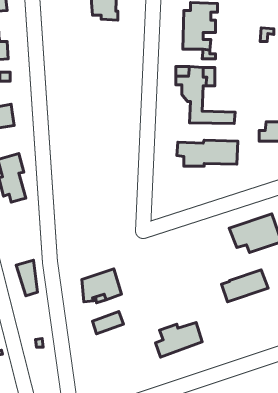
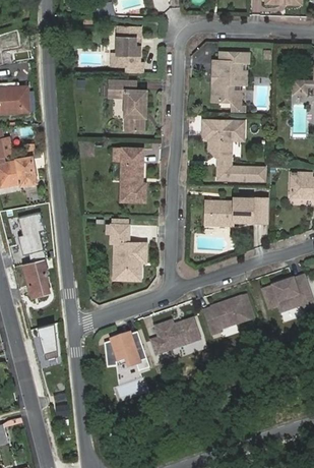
building: none -> [108,79,146,130]
building: none -> [119,149,145,201]
building: none -> [109,224,145,279]
building: none -> [23,258,48,295]
building: [222,270,268,302] -> [203,294,252,328]
building: [156,322,202,357] -> [149,317,198,354]

